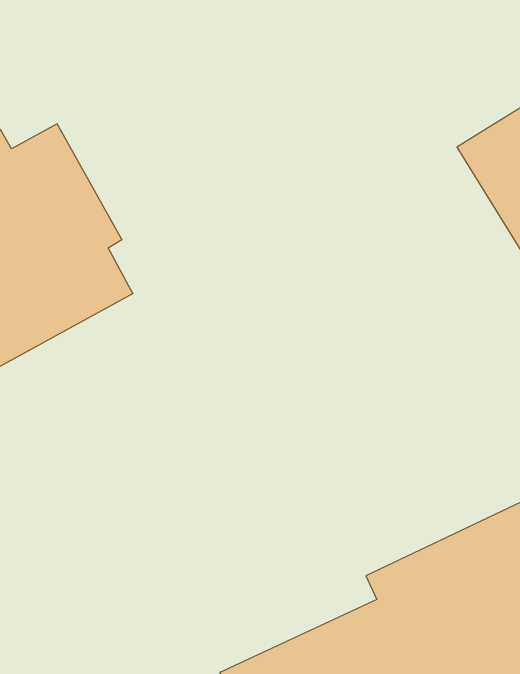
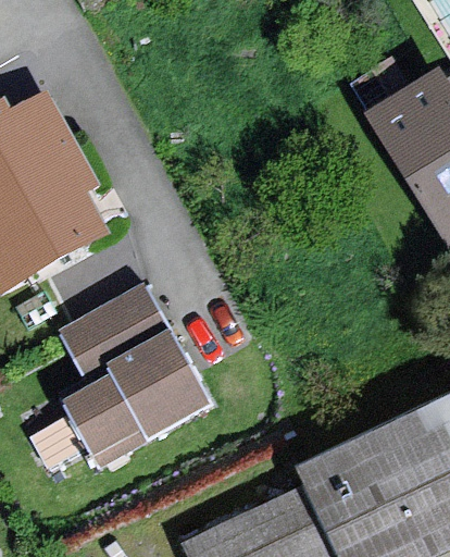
building: none -> [35,288,214,474]

